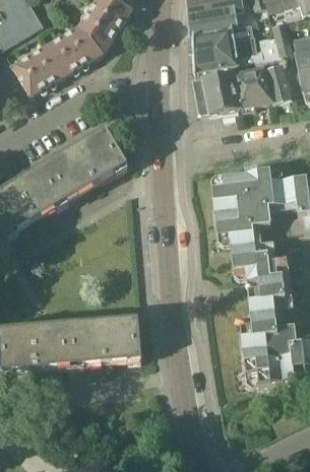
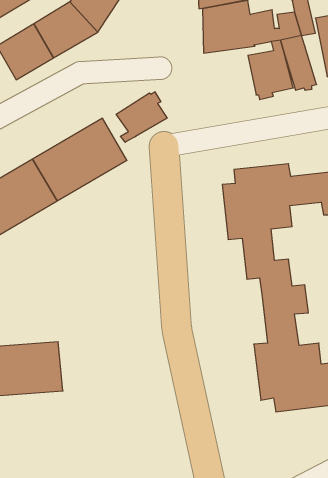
building: [194,72,241,114] -> none
building: none -> [116,92,167,142]
building: [68,317,142,365] -> none

